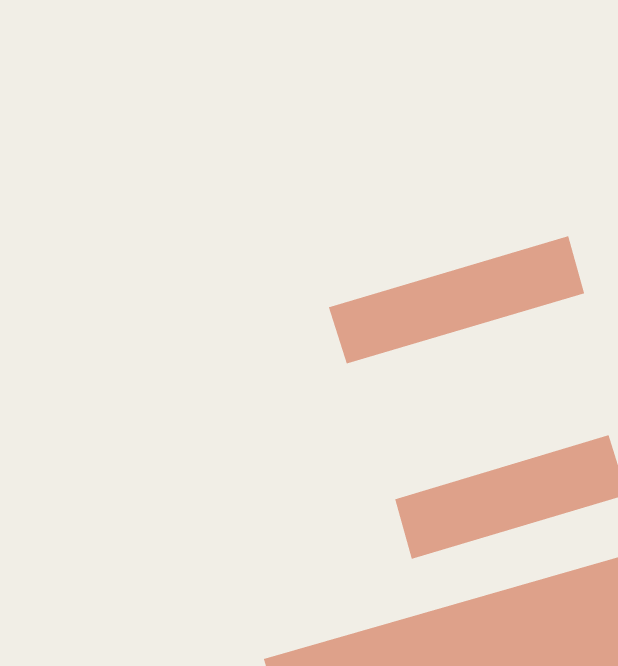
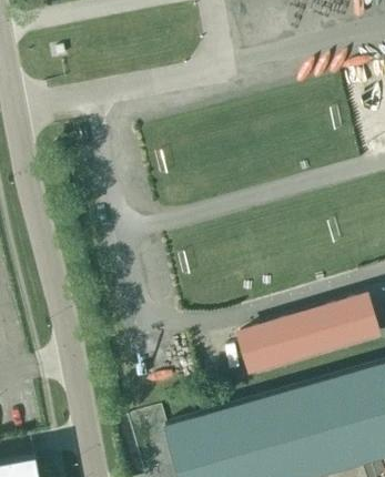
building: [328,235,585,365] -> none

